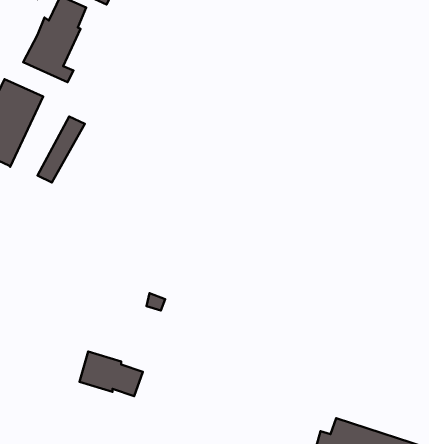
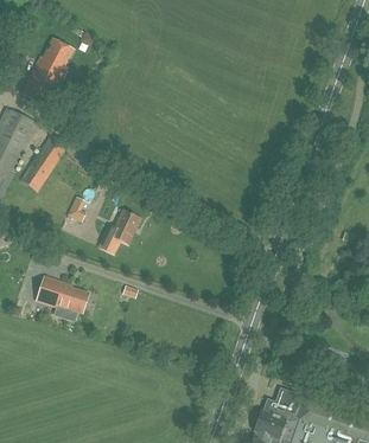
building: none -> [98,210,139,253]
building: [80,352,143,396] -> [36,276,88,313]

